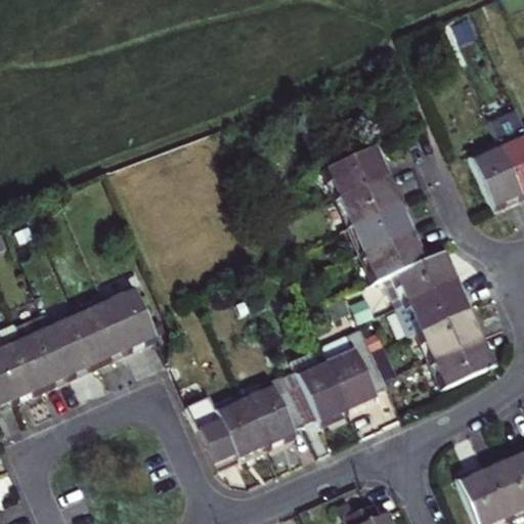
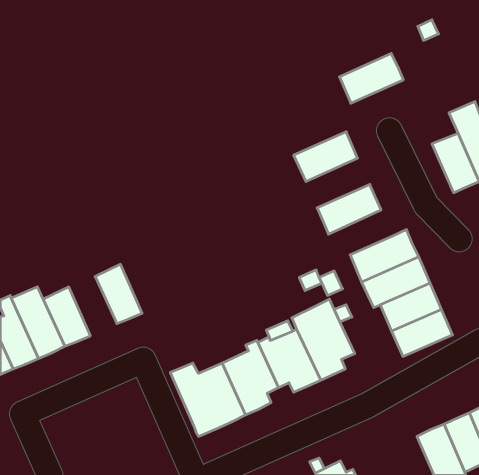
building: [335,172,404,226] -> [339,53,403,103]
building: [359,228,429,282] -> none
building: [77,301,129,365] -> none

